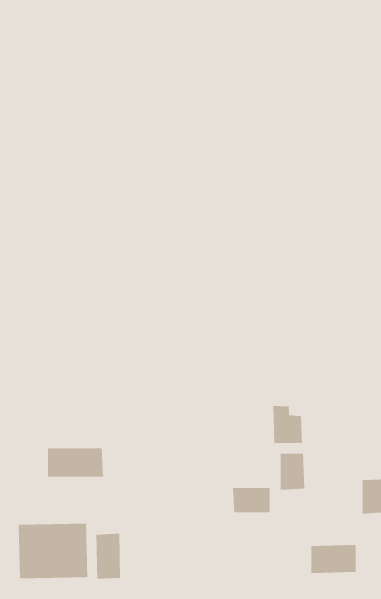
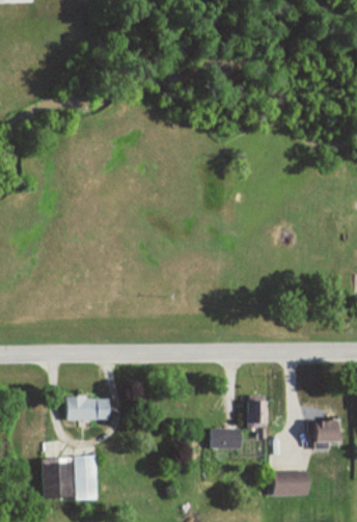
building: [273,405,302,444] -> none
building: [96,533,121,580] -> none

